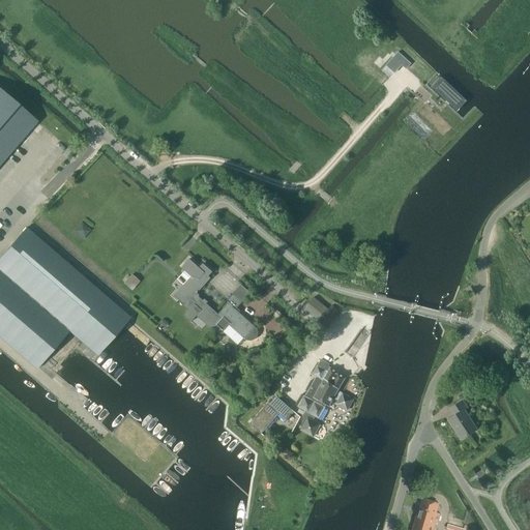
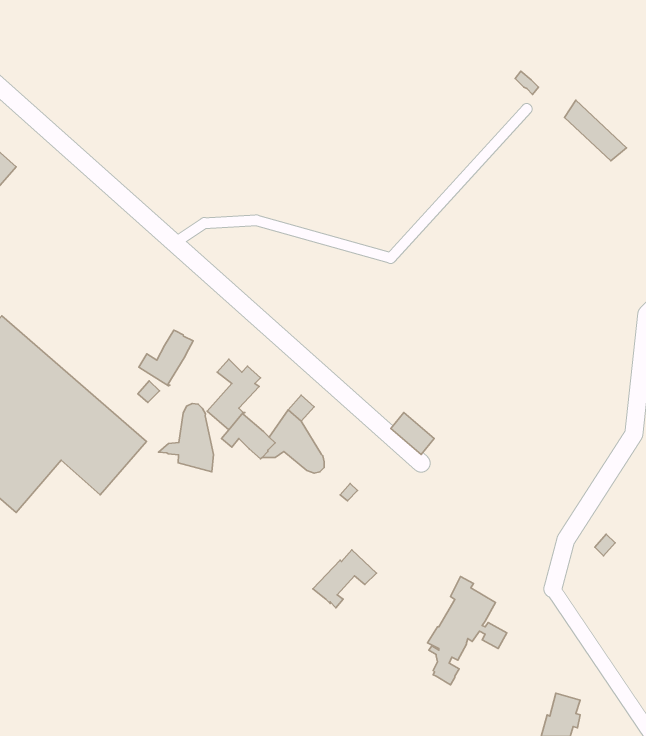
building: none -> [139,330,193,386]
building: none -> [159,404,213,472]
building: [296,358,353,436] -> [427,576,507,685]
building: [447,400,475,438] -> none

